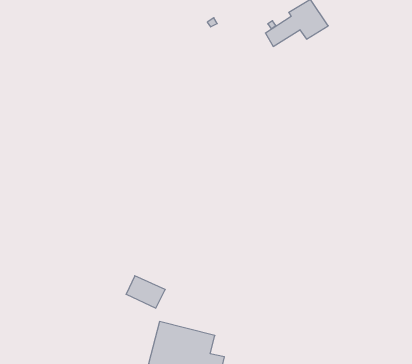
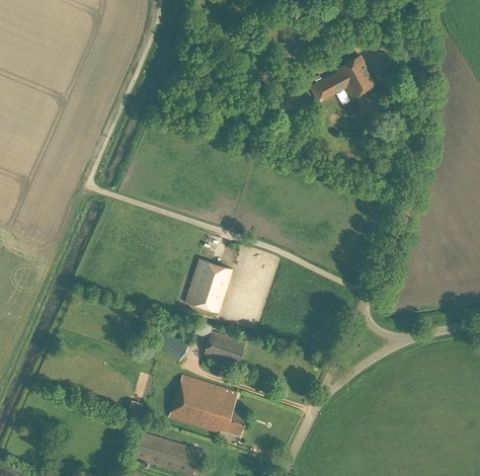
building: none -> [184,259,233,314]
building: none -> [204,332,245,364]

